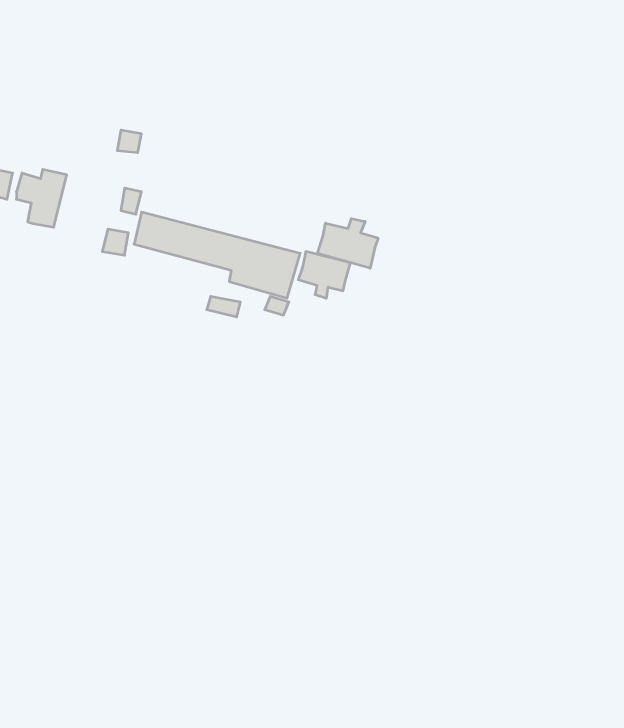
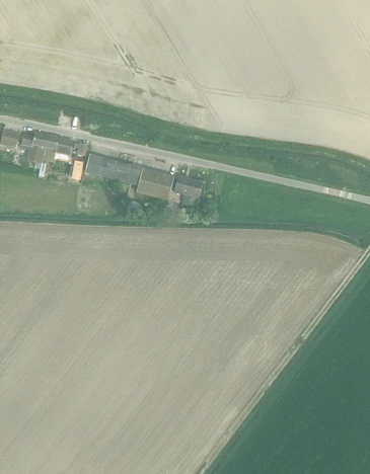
building: none -> [42,133,72,159]
building: [317,219,378,268] -> none

